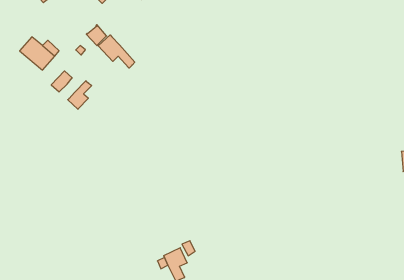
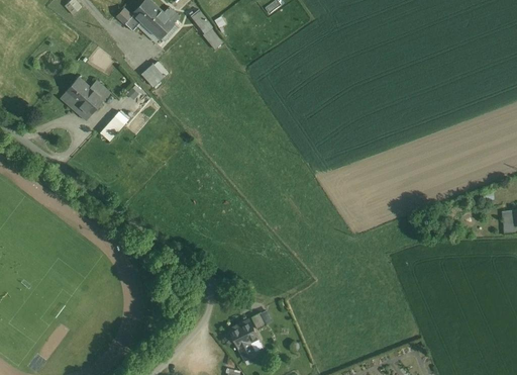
building: [98,35,135,68] -> none
building: [68,81,91,109] -> none

